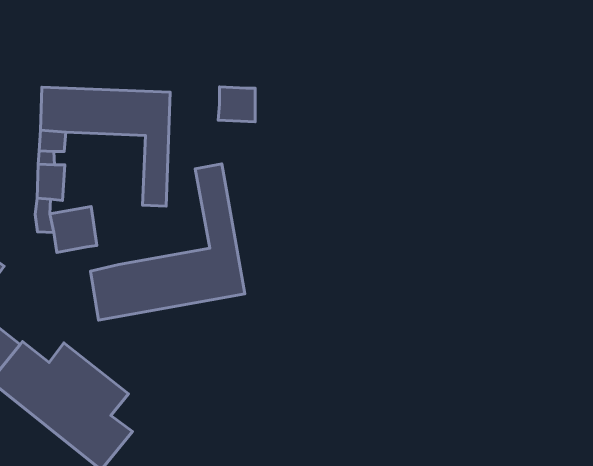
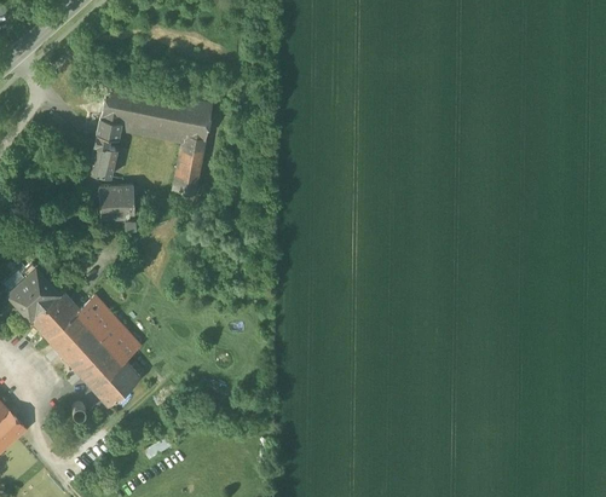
building: [218,87,255,122] -> none
building: [90,164,245,320] -> none

